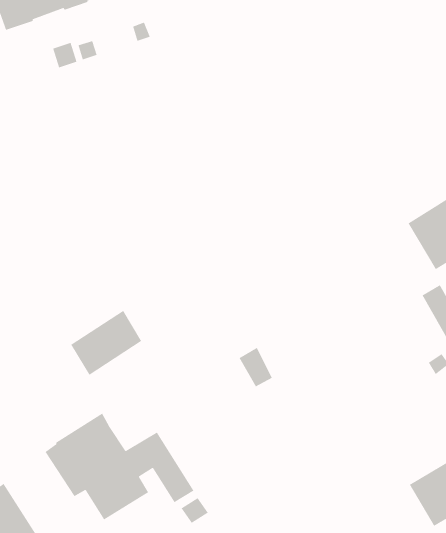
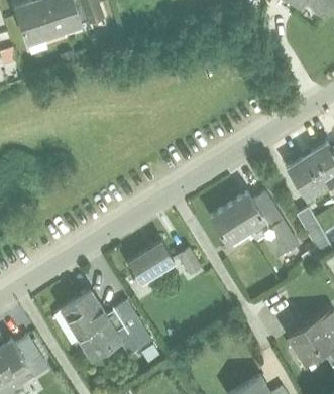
building: none -> [208,191,296,257]
building: [70,310,142,376] -> [126,240,173,282]

